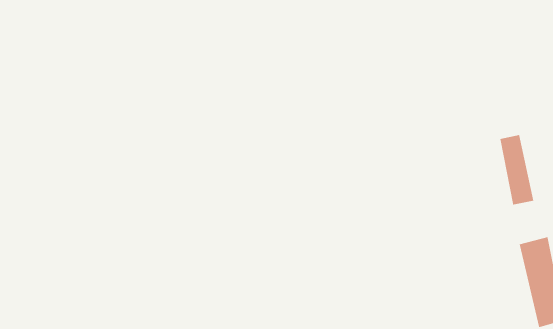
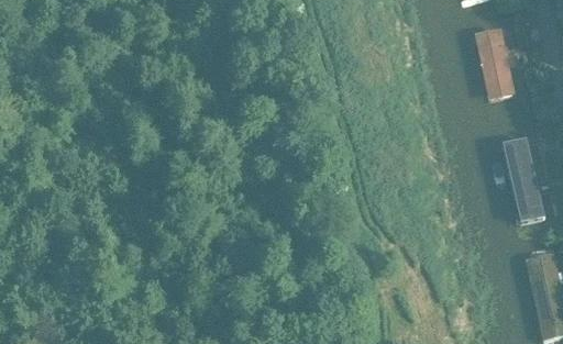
building: none -> [473,26,516,99]

